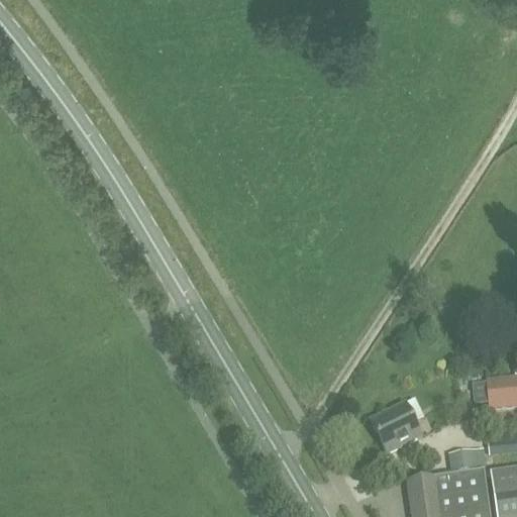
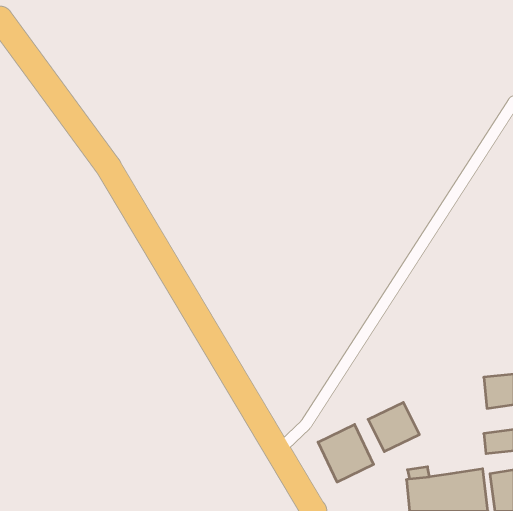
building: none -> [318,424,374,482]
building: [450,449,487,476] -> none

